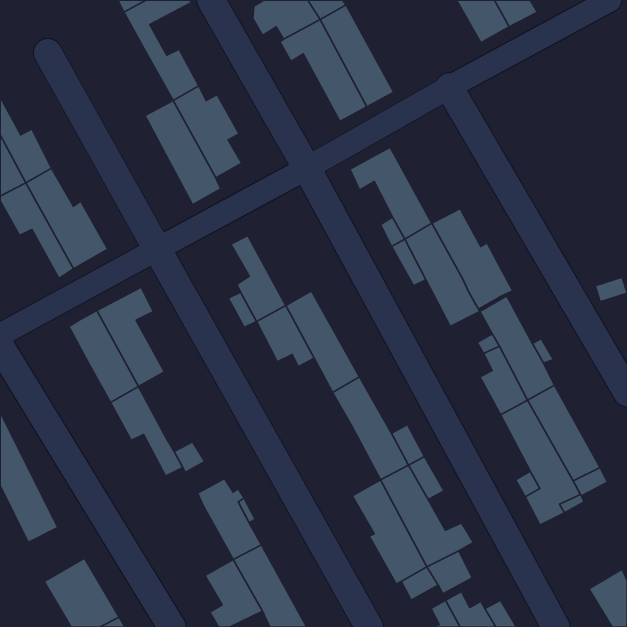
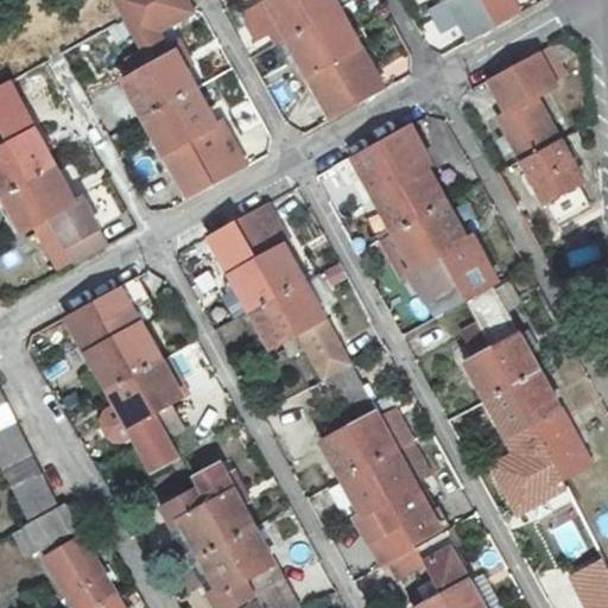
building: none -> [488,38,587,223]
building: none -> [120,46,167,112]
building: none -> [378,125,445,216]
building: none -> [236,204,302,296]
building: none -> [134,360,179,425]
building: none -> [321,413,368,480]
building: none -> [159,490,226,557]
building: none -> [11,506,76,560]

